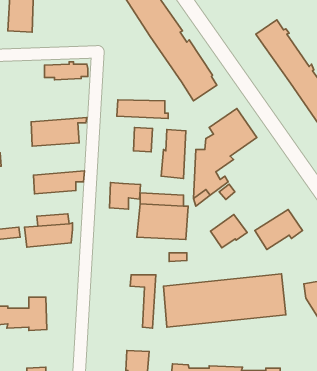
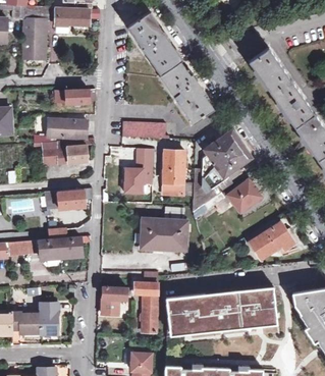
building: none -> [46,119,86,138]
building: [109,182,141,209] -> [124,168,153,193]
building: [211,215,247,248] -> [227,180,261,211]
building: none -> [101,287,130,315]

